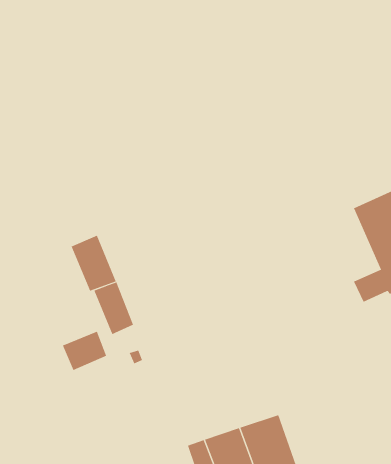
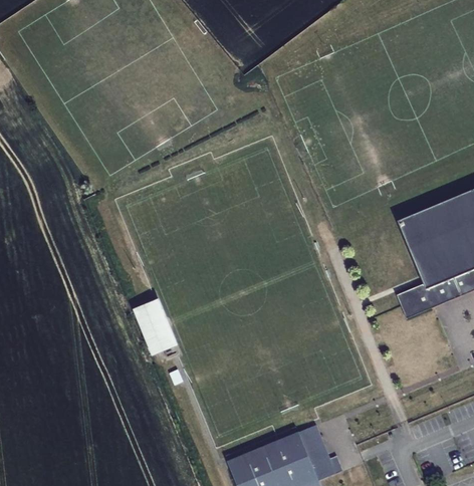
building: [71,235,116,291] -> none
building: [62,331,107,371] -> none

